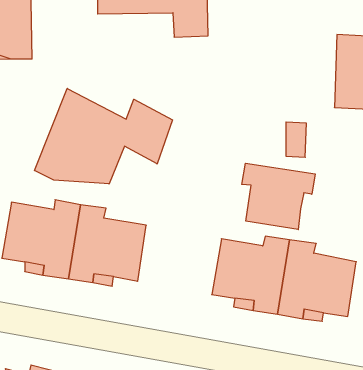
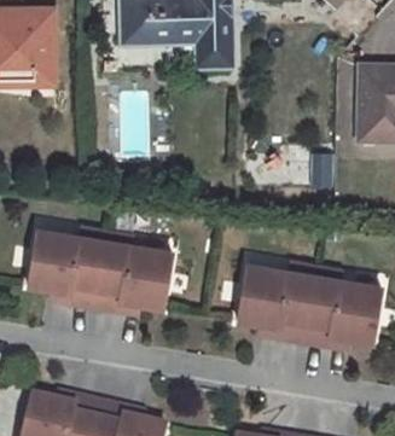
building: [35,88,173,184] -> none
building: [242,163,315,230] -> none

